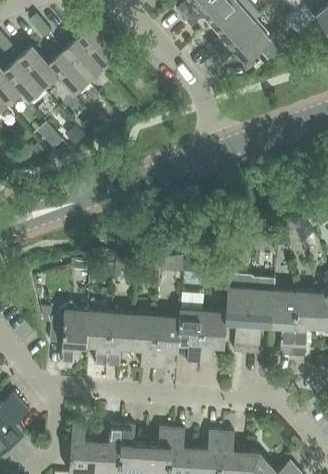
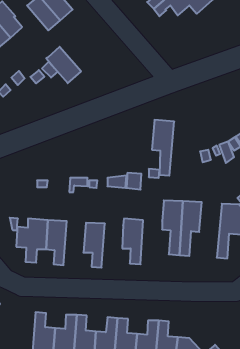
building: [47,51,89,95] -> [46,47,81,83]
building: [271,288,298,355] -> [152,120,174,176]
building: [200,310,226,363] -> none
building: [107,311,134,365] -> none
building: [153,314,179,368] -> none

